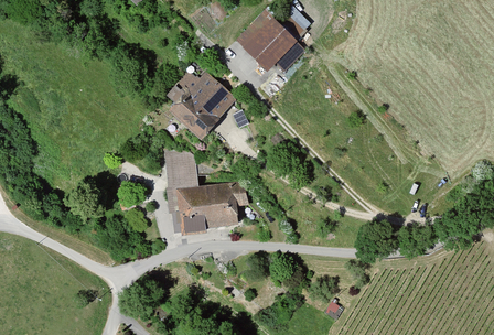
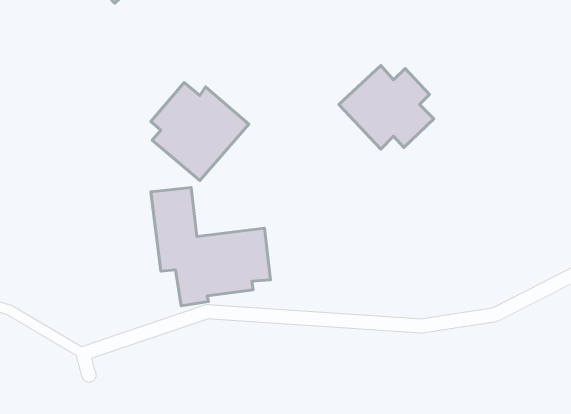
building: [233,9,305,73] -> [339,66,434,149]

